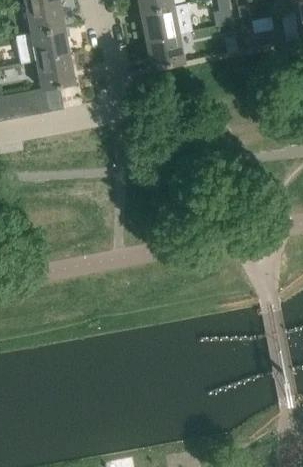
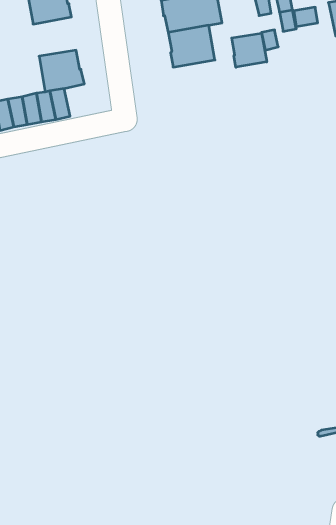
building: [16,25,69,62] -> none
building: none -> [232,33,267,67]

